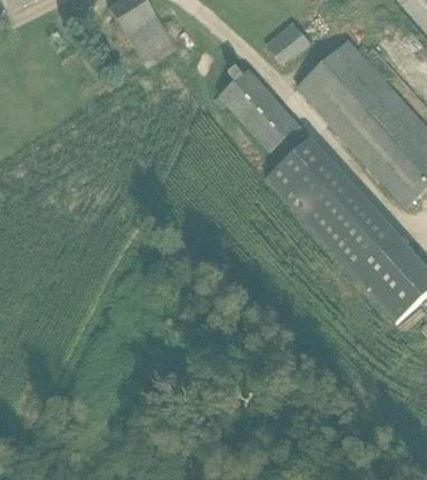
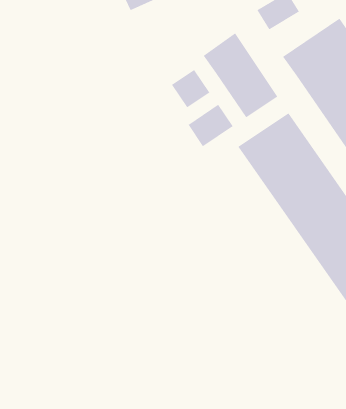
building: none -> [171,69,210,108]
building: none -> [188,104,233,147]

